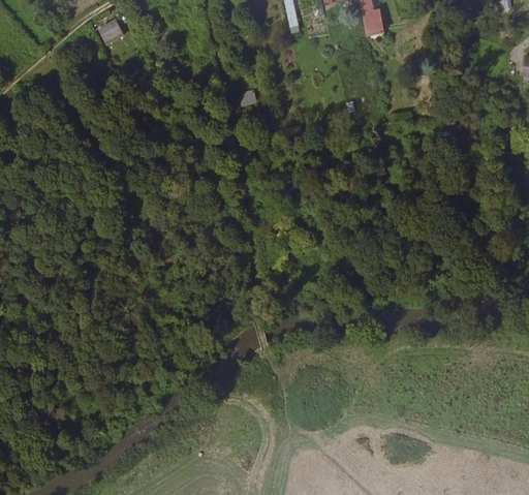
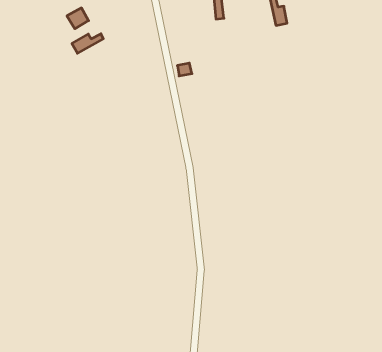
building: none -> [72,34,103,53]

